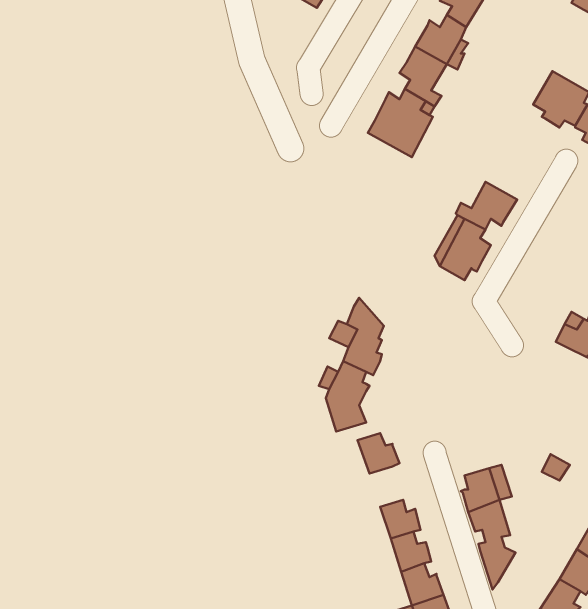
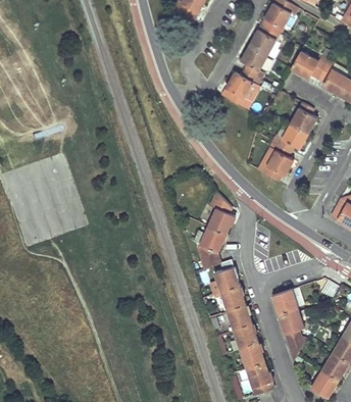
building: none -> [291,51,330,79]
building: none -> [290,102,316,134]
building: none -> [217,289,246,313]

